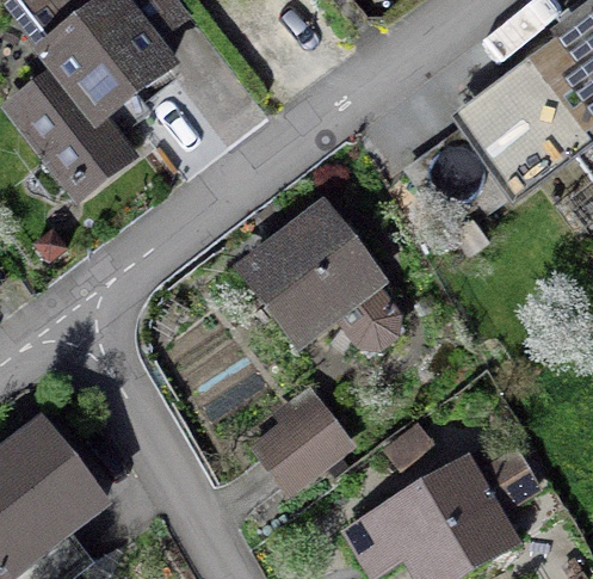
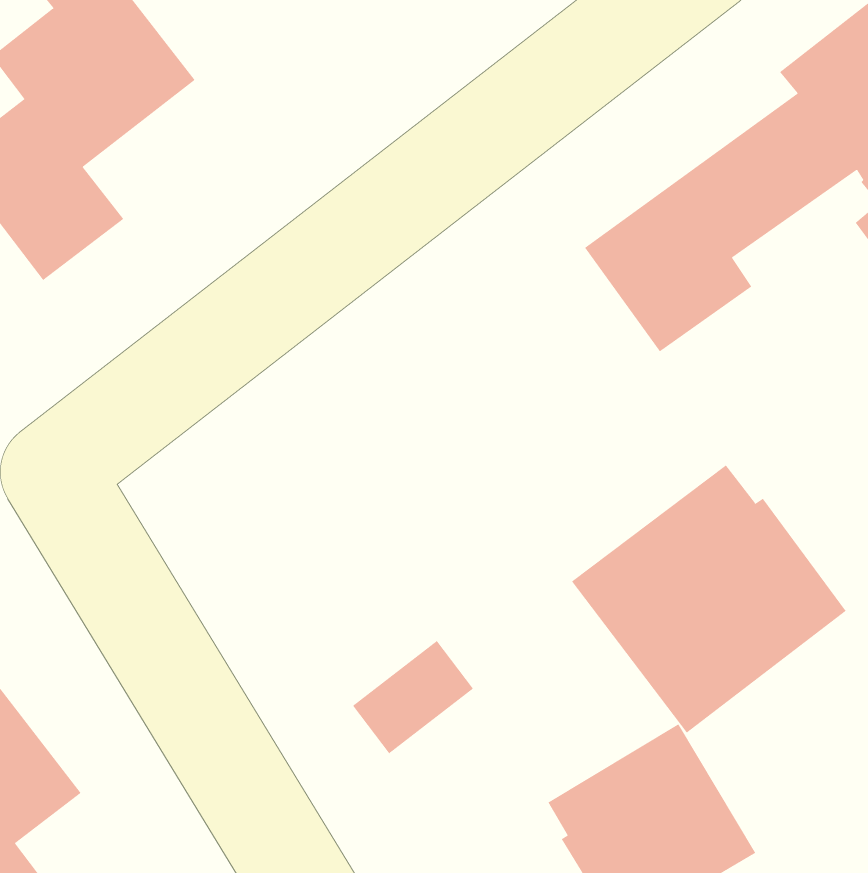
building: [247,205,396,338] -> none
building: none -> [571,465,847,733]

